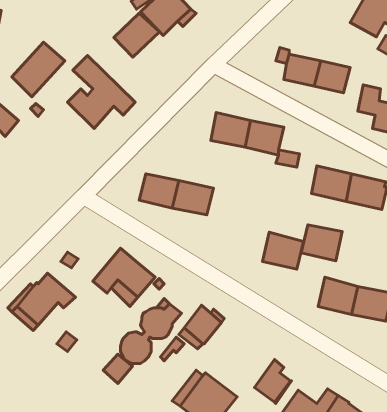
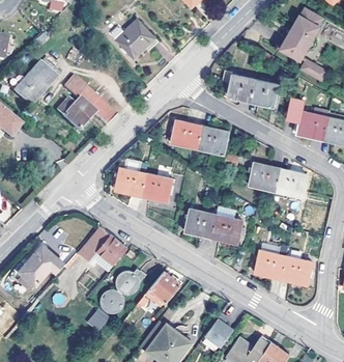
building: [114,13,159,57] -> none
building: [301,225,342,261] -> [184,207,217,235]

